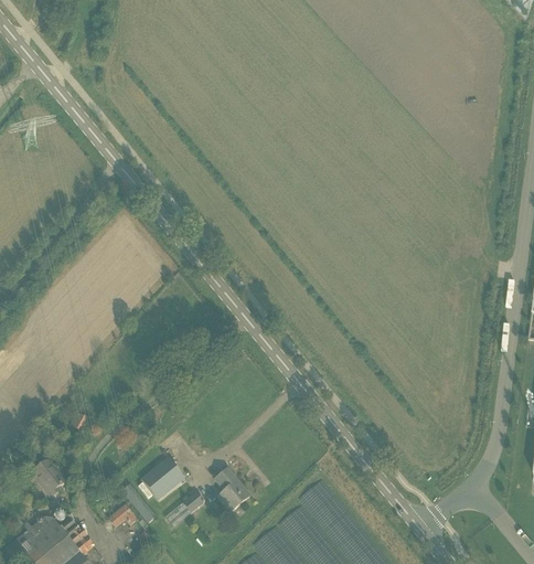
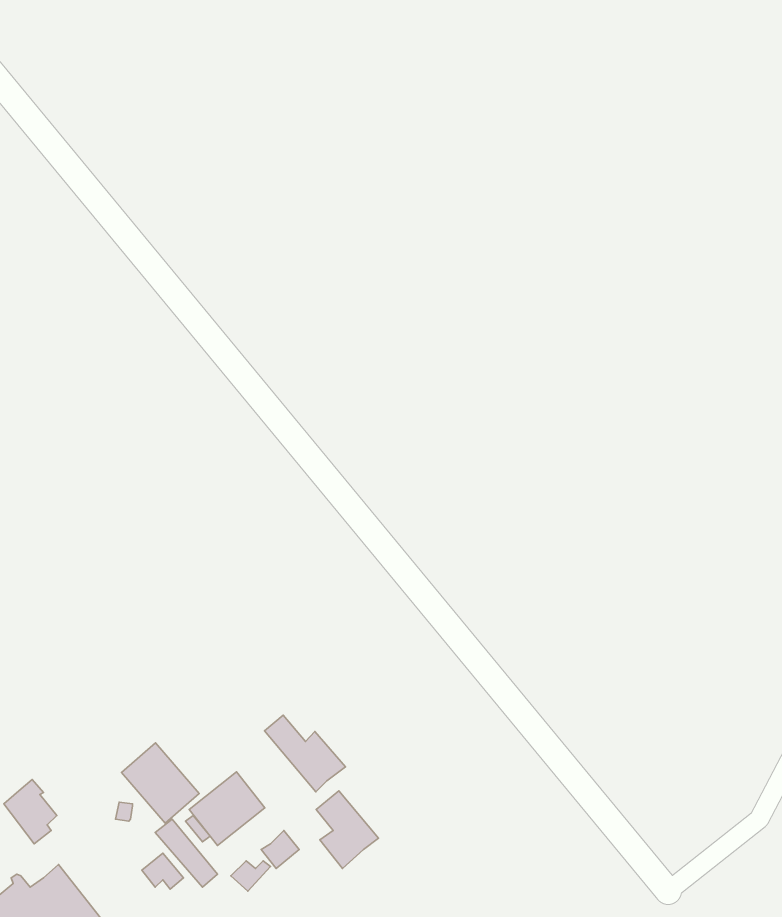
building: none -> [265,715,345,792]
building: none -> [122,743,199,823]

